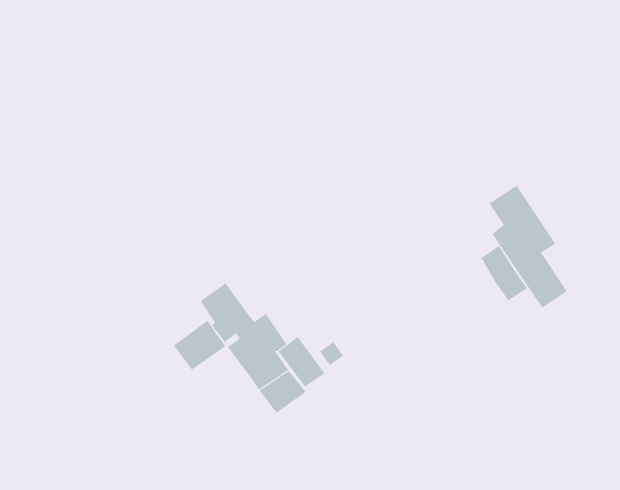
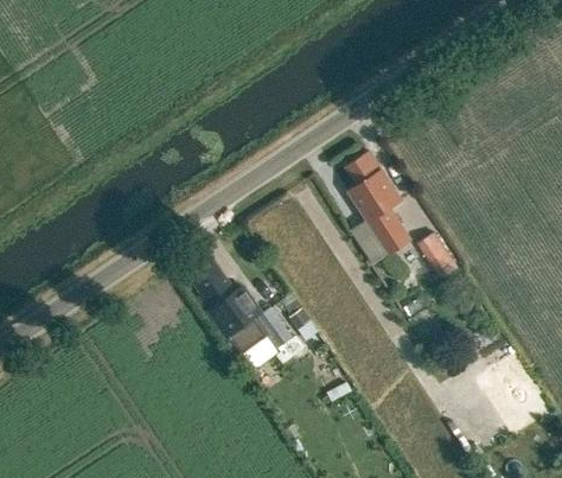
building: [488,185,568,309] -> [346,153,411,255]
building: [173,320,226,370] -> none

